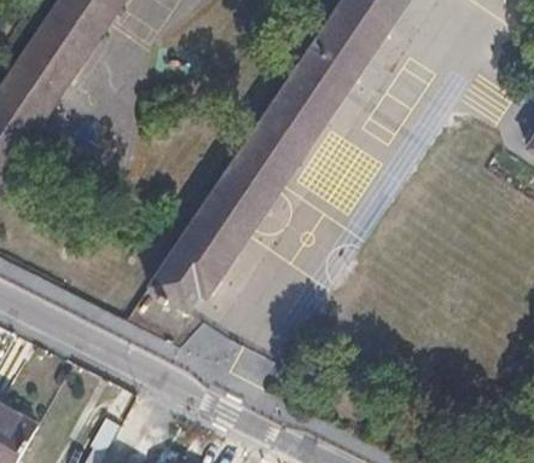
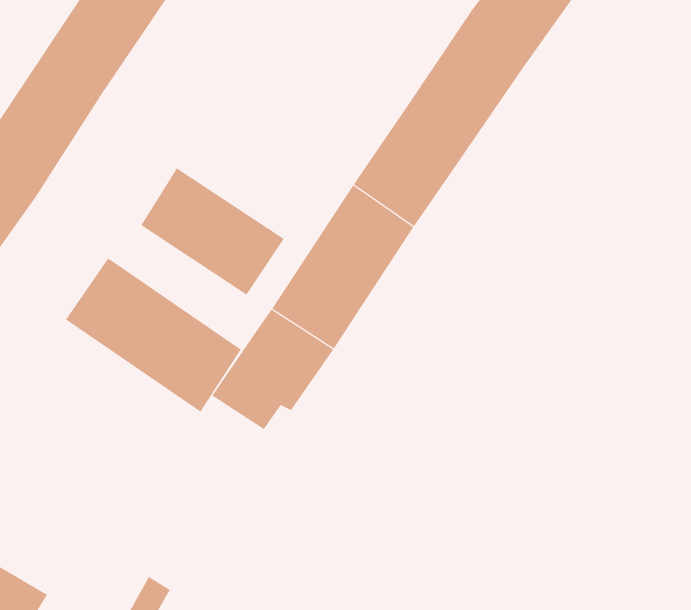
building: none -> [141,168,284,296]
building: none -> [65,257,241,412]

